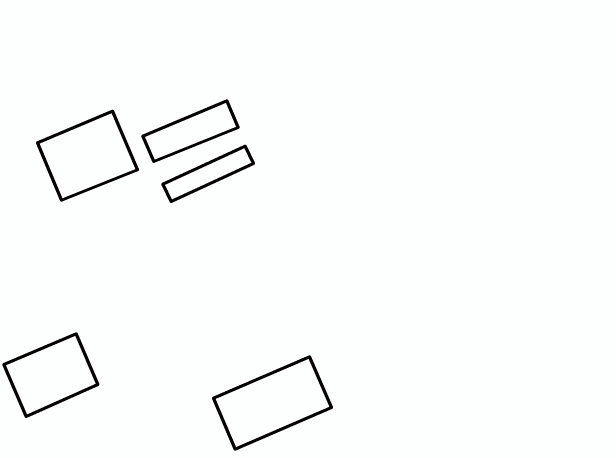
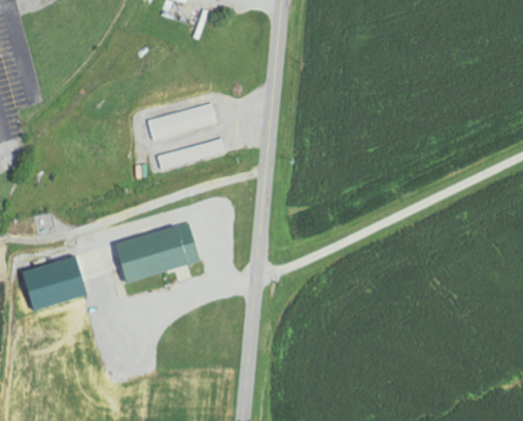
building: [38,111,137,200] -> none
building: [213,357,331,449] -> [115,222,200,281]

